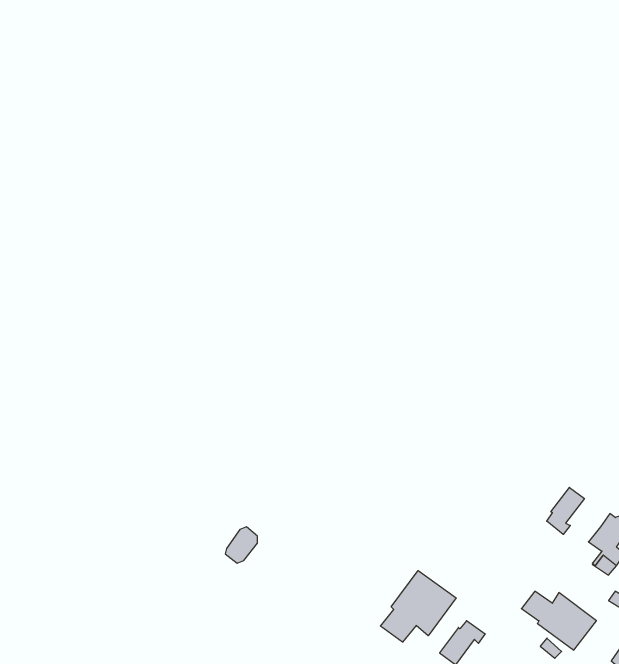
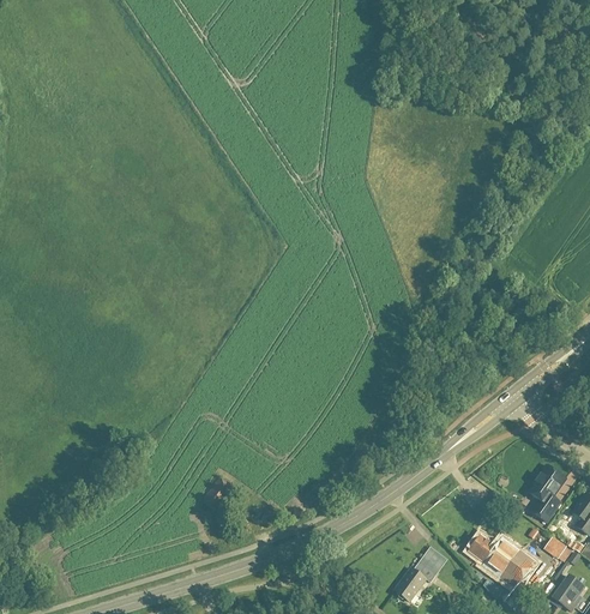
building: [547,487,584,534] -> none
building: [380,571,456,642] -> none

